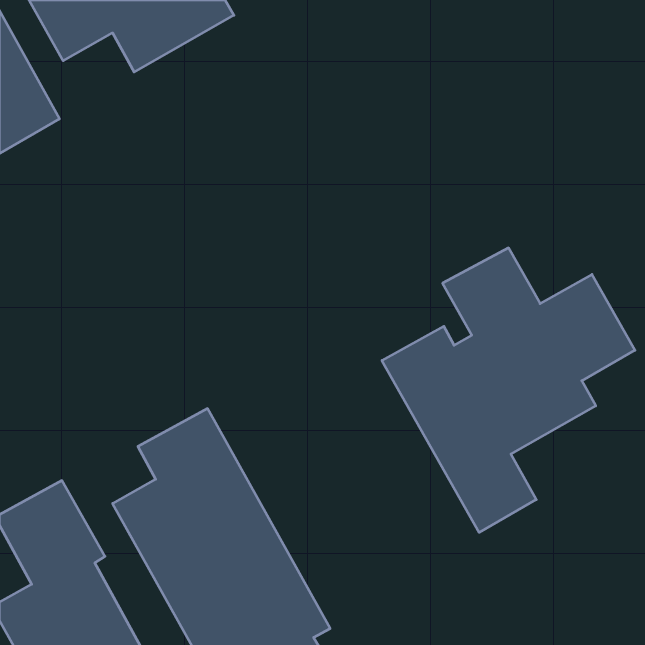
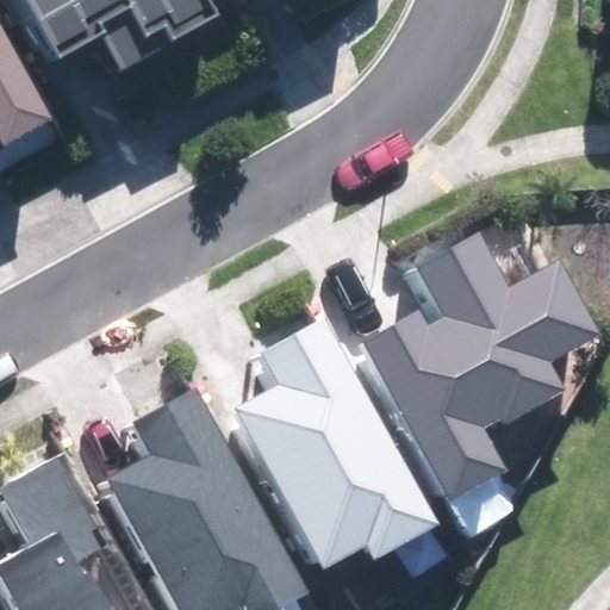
building: none -> [237,317,437,573]

